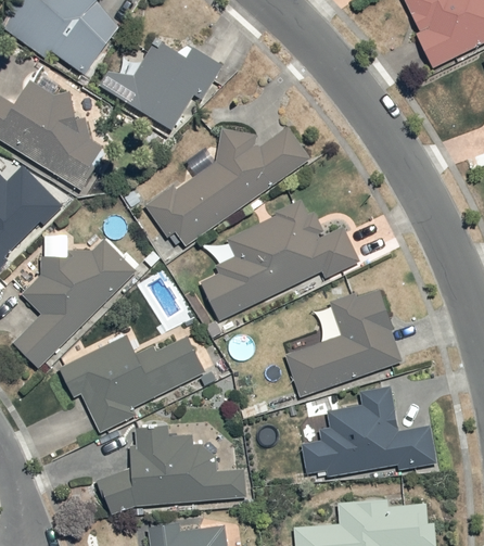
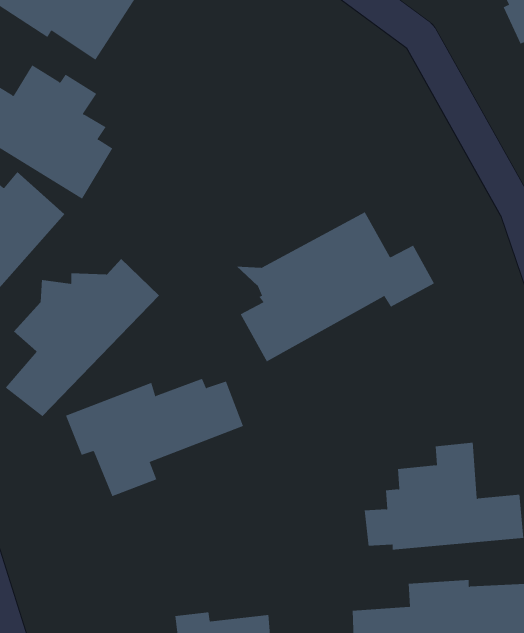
building: [99,40,221,131] -> none
building: [145,128,307,244] -> none
building: [283,282,404,396] -> none
building: [98,418,246,515] -> none

